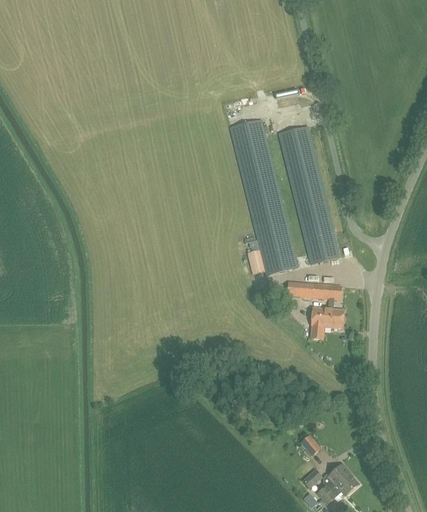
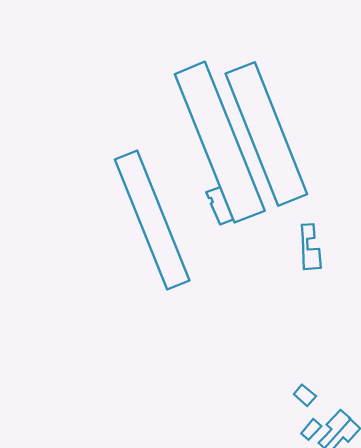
building: none -> [115,150,190,290]
building: [287,281,330,298] -> none
building: [311,307,328,338] -> none

